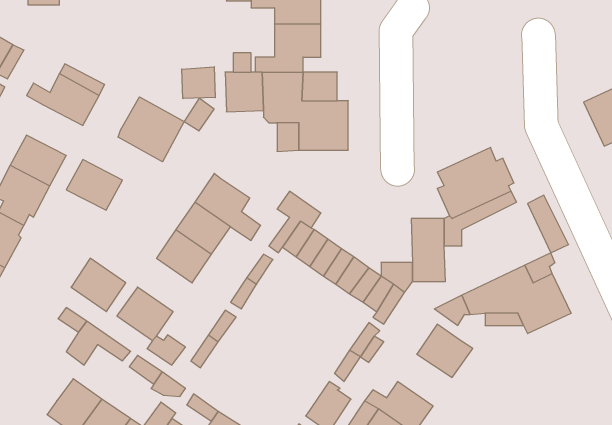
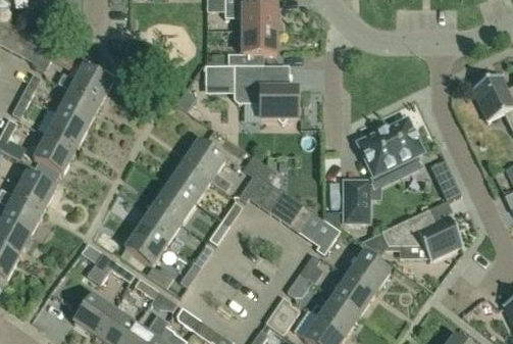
building: [182,67,215,99] -> none
building: [118,97,184,162] -> none
building: [66,160,122,210] -> [57,90,99,128]
building: [71,258,126,312] -> [140,204,181,244]
building: none -> [334,276,374,314]

